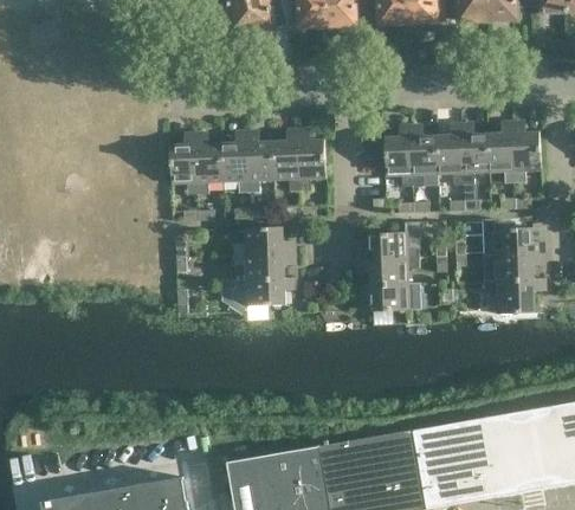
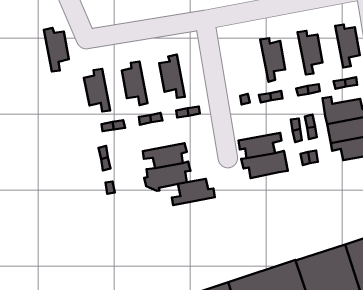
building: [487,125,515,183] -> none
building: [437,127,464,185] -> none
building: [385,129,413,187] -> none
building: [297,133,325,191] -> none
building: [246,135,273,192] -> none
building: [195,136,222,194] -> [44,28,69,72]
building: [361,221,419,259] -> none
building: [233,226,290,254] -> [172,179,215,205]

